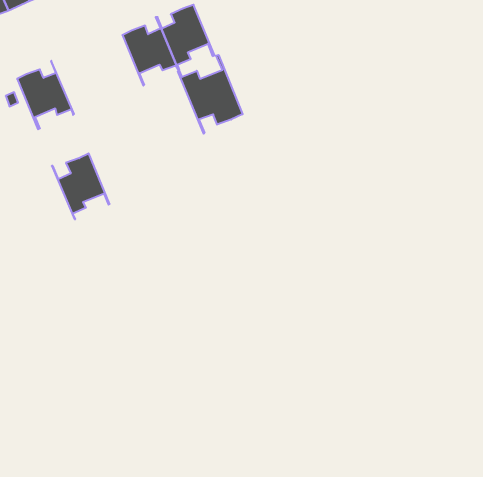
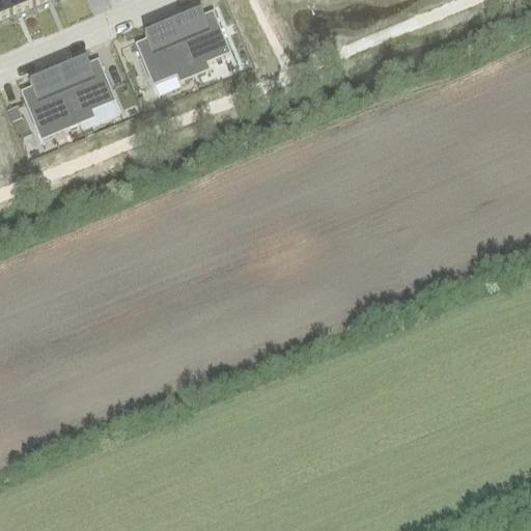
building: [178,55,243,134] -> none
building: [52,153,110,219] -> [56,53,119,124]

